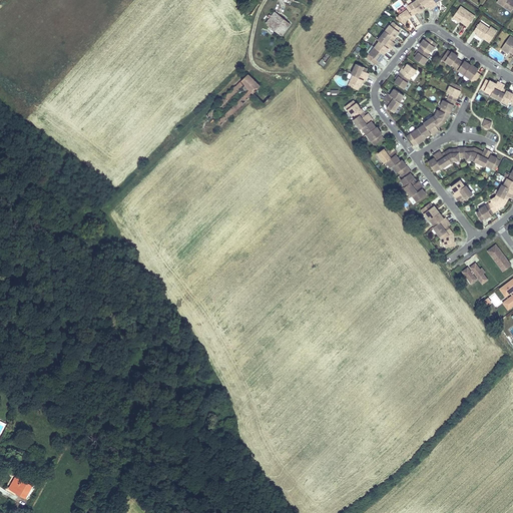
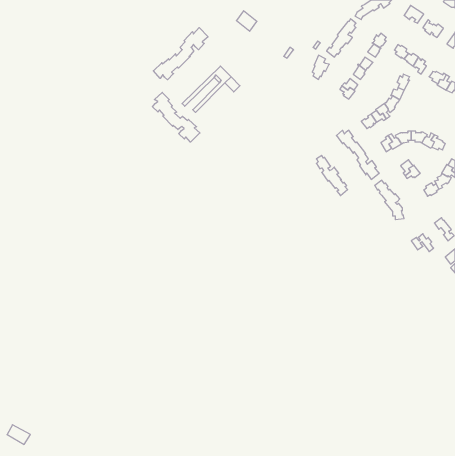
building: none -> [153,28,208,80]
building: [348,99,383,144] -> [316,155,348,196]
building: none -> [152,92,200,142]

